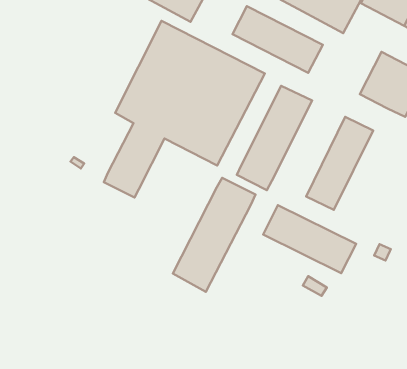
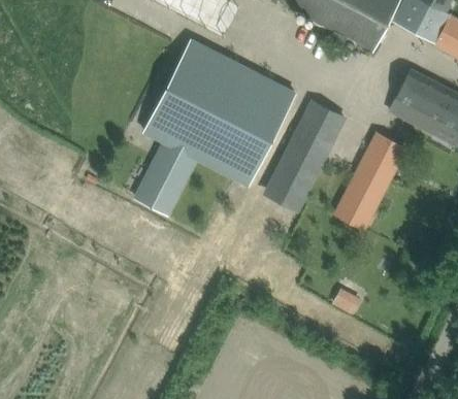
building: [232,6,323,73] -> none
building: [173,178,256,292] -> none
building: [263,205,356,273] -> none

